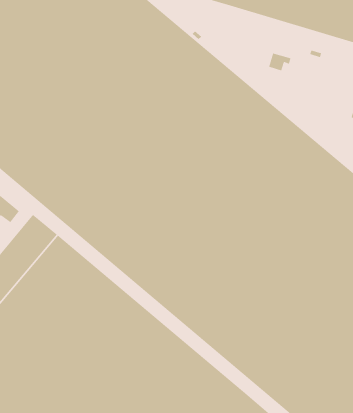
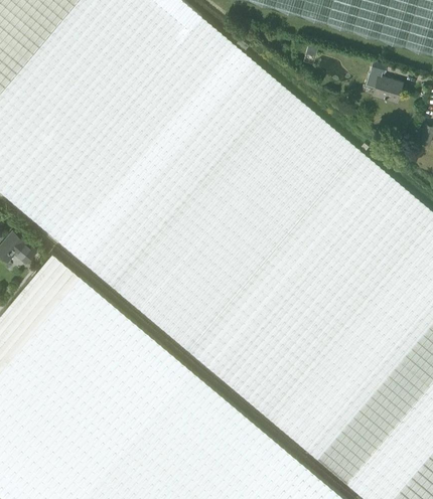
building: [268,53,291,72] -> [375,76,402,99]

